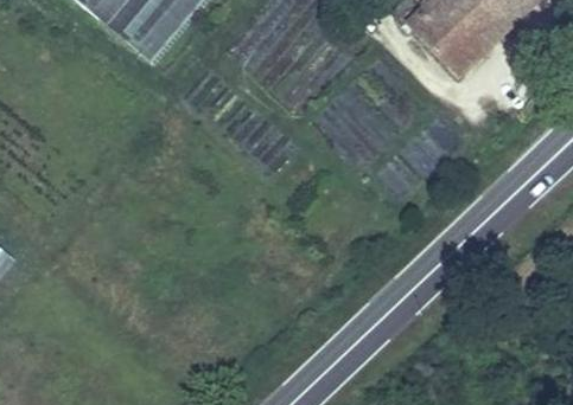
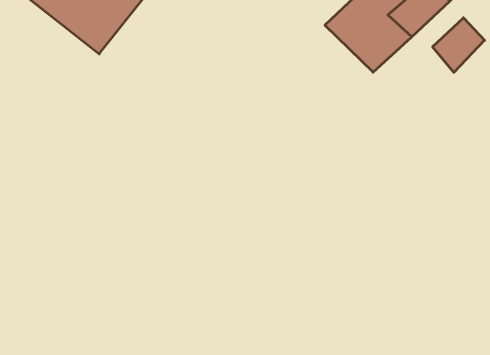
building: none -> [433,18,485,72]

